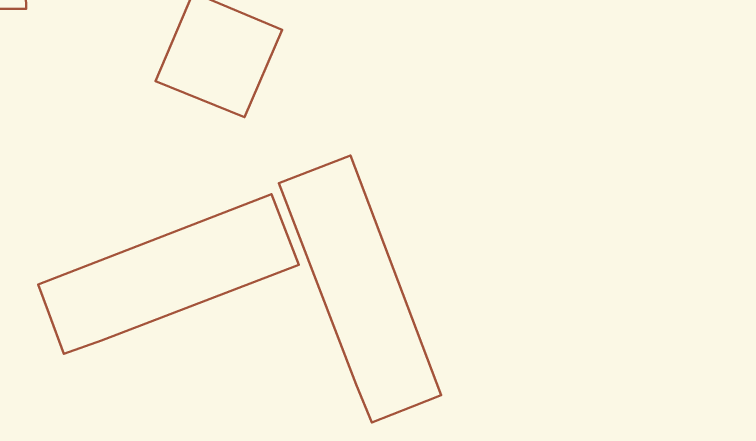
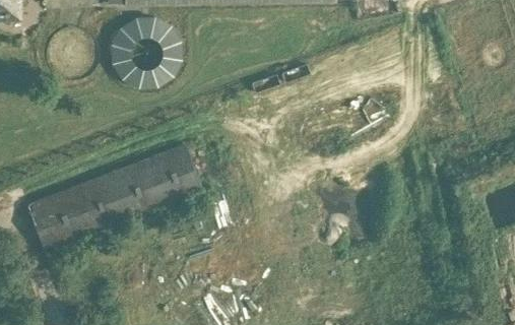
building: [279,156,441,423] -> none

